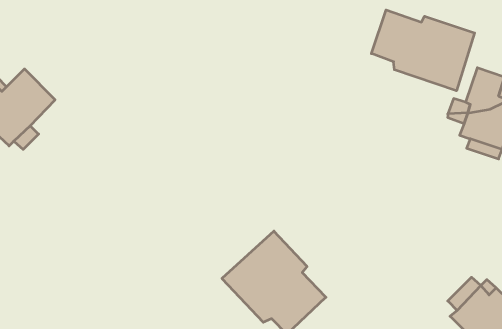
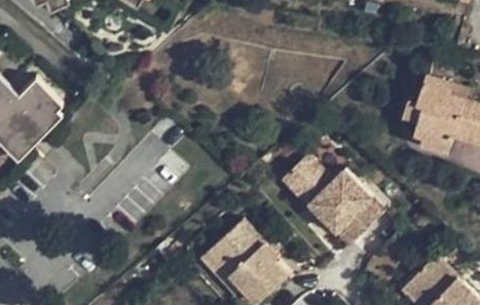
building: [371,10,475,91] -> none
building: none -> [288,158,389,250]

